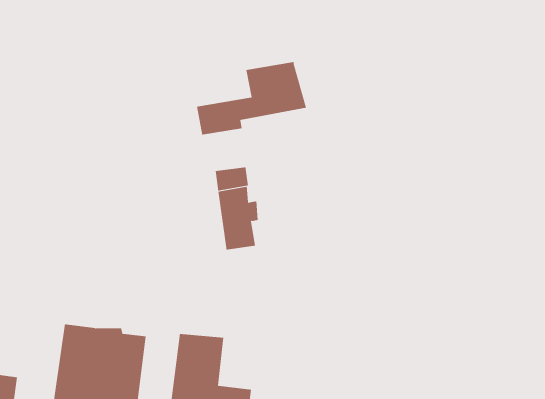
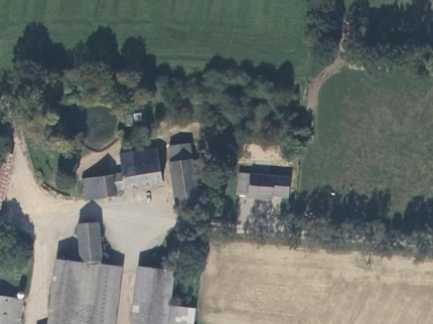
building: [196,62,307,135] -> [83,147,164,201]
building: none -> [237,173,289,200]
building: none -> [78,224,100,263]

